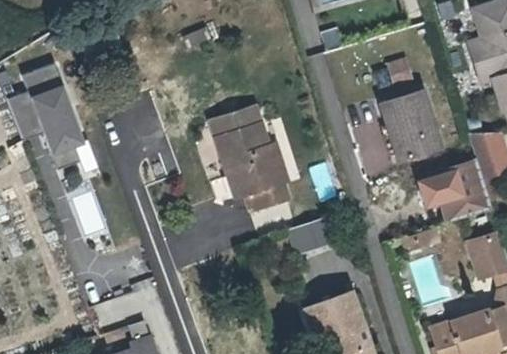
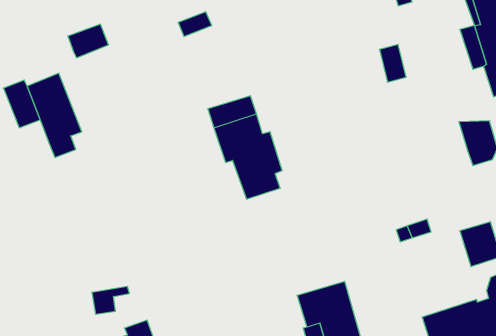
building: [23,63,64,97] -> [68,24,108,58]
building: [381,95,436,160] -> none
building: [434,163,492,224] -> none
building: [294,216,342,253] -> none

